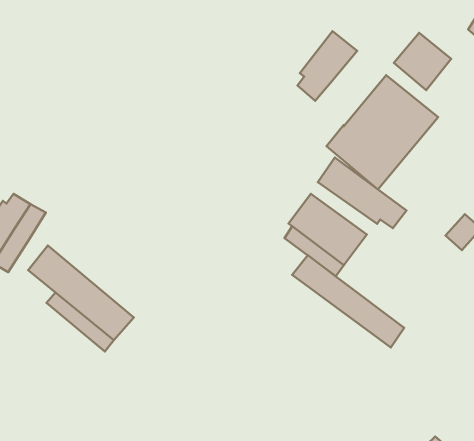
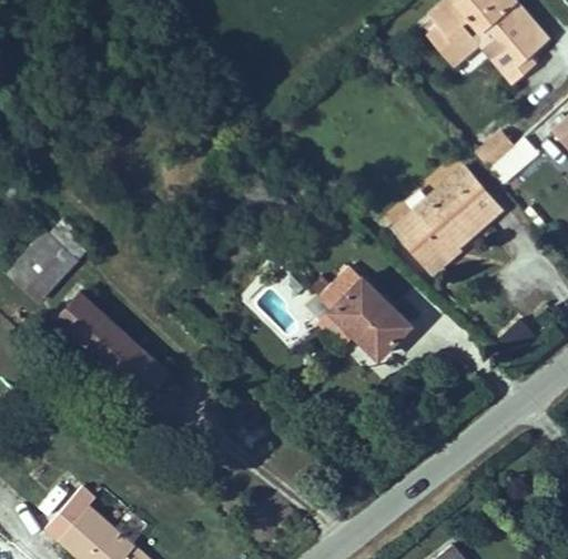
building: [298,31,357,101] -> none
building: [318,158,406,228] -> none
building: [292,255,404,347] -> none

